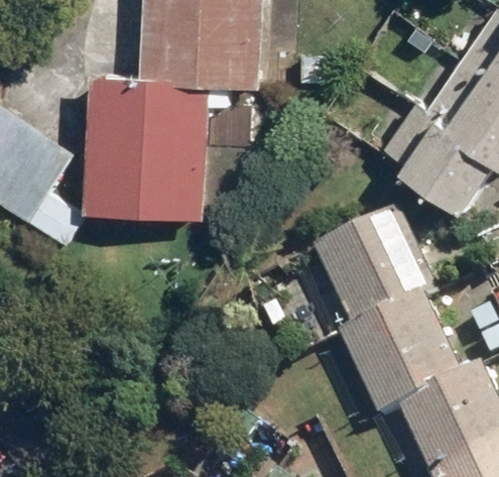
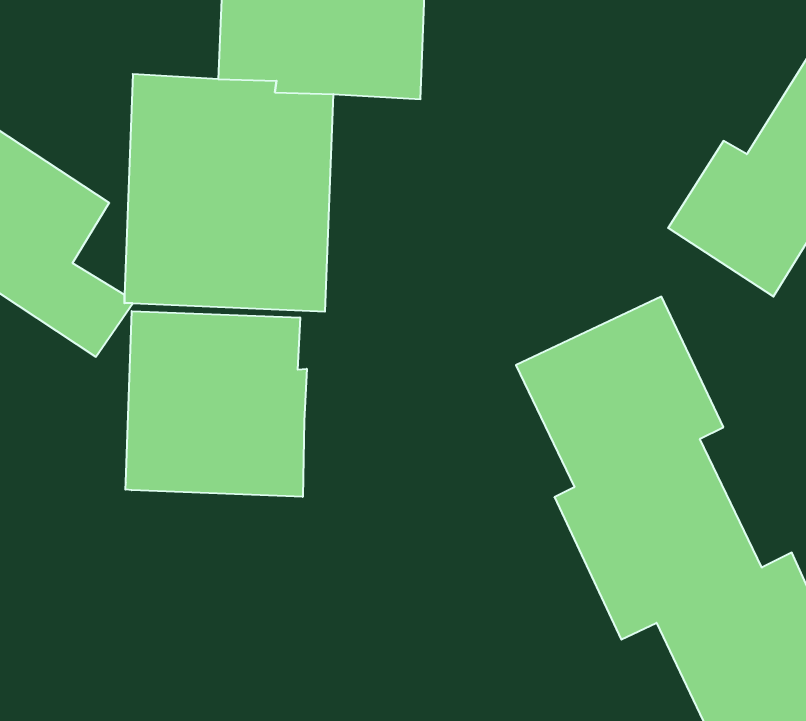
building: none -> [125,311,307,497]

